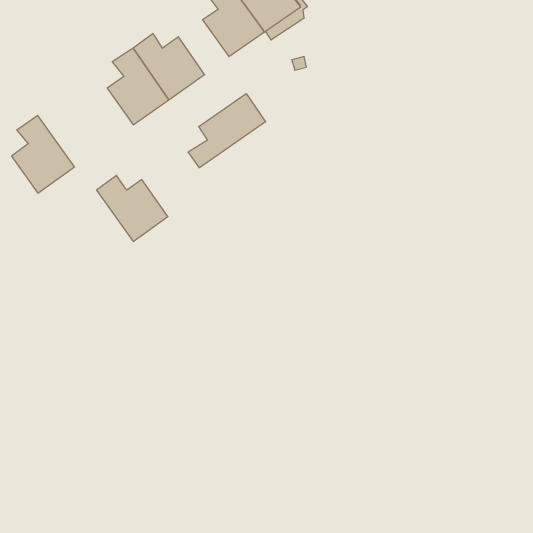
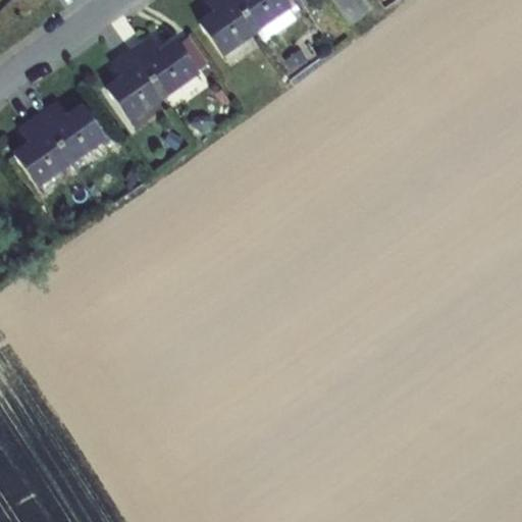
building: [188,94,266,168] -> none
building: [97,175,168,242] -> [40,98,109,162]

